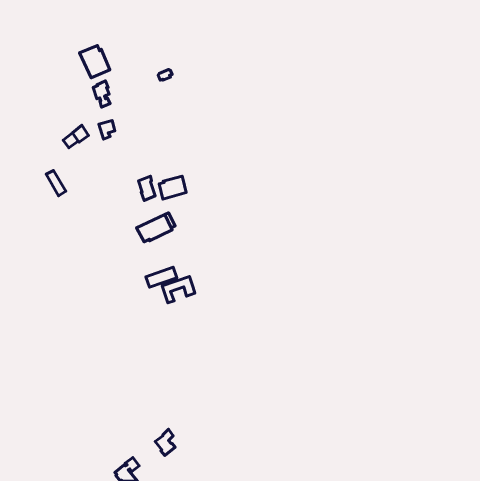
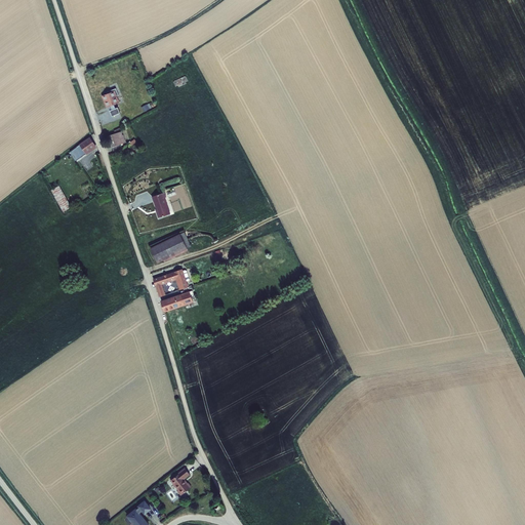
building: [80,46,110,78] -> none
building: [159,176,186,199] -> none
building: [162,276,195,303] -> [152,269,188,297]

